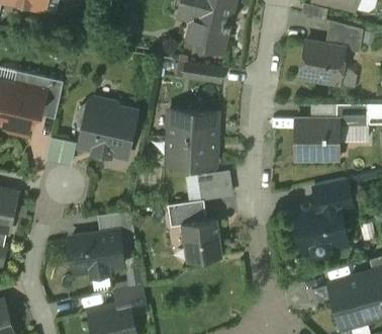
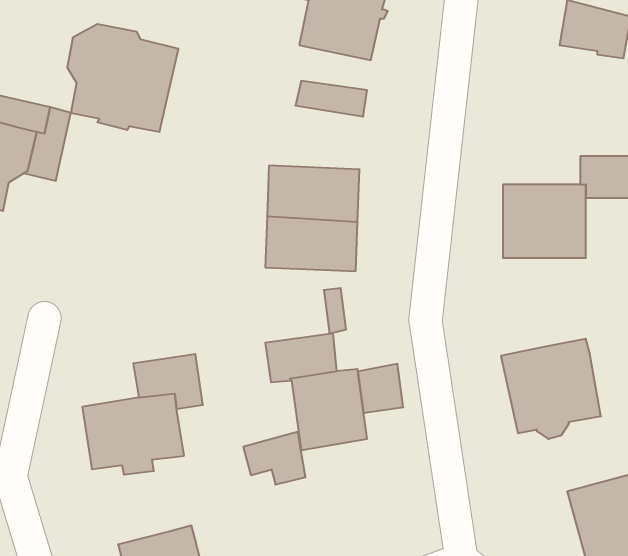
building: [299,43,345,84] -> none
building: [77,99,136,157] -> [67,24,178,132]
building: [207,172,231,198] -> [358,364,403,413]
building: [312,179,352,211] -> none
building: [112,283,146,312] -> [243,432,306,485]

